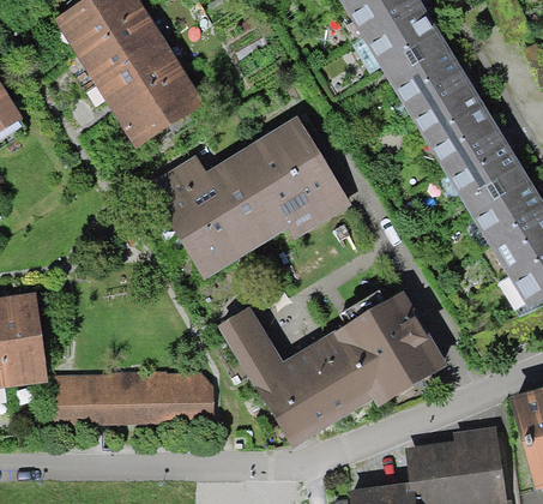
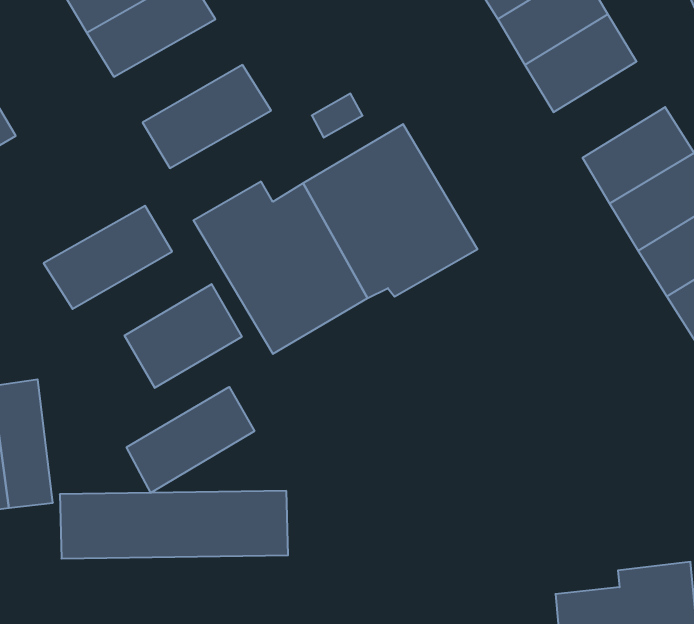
building: [92,38,183,112] -> [44,206,172,309]
building: [404,68,483,137] -> none
building: none -> [125,284,242,388]
building: [219,292,450,448] -> none
building: none -> [127,387,254,493]

